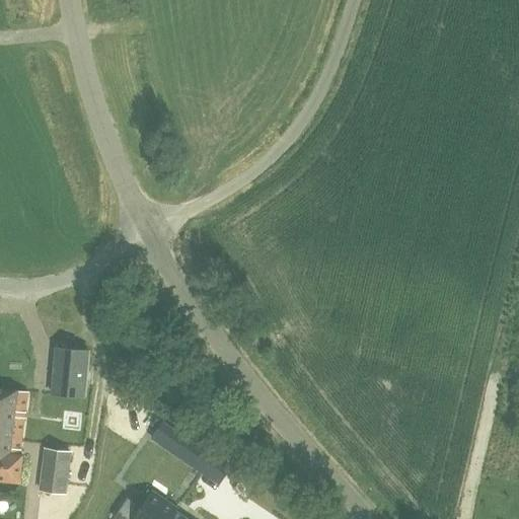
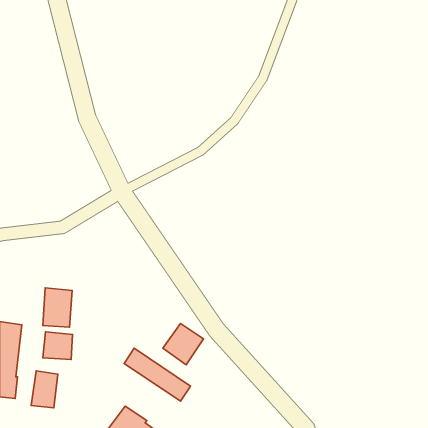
building: none -> [163,323,204,365]
building: none -> [43,332,73,360]

